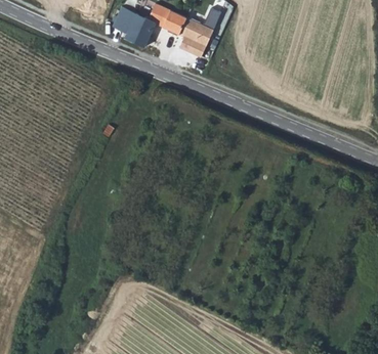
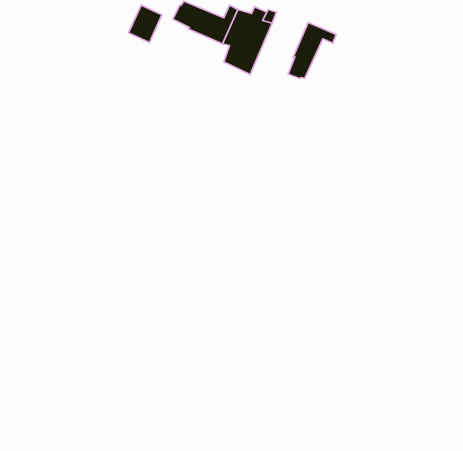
building: [125,13,156,46] -> none
building: none -> [288,22,336,78]

